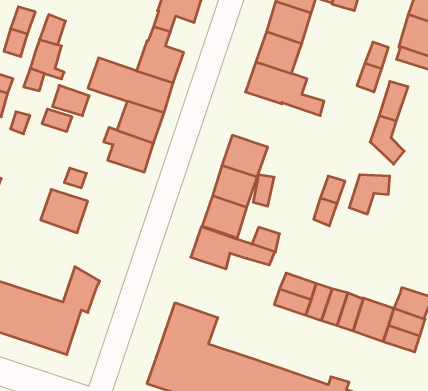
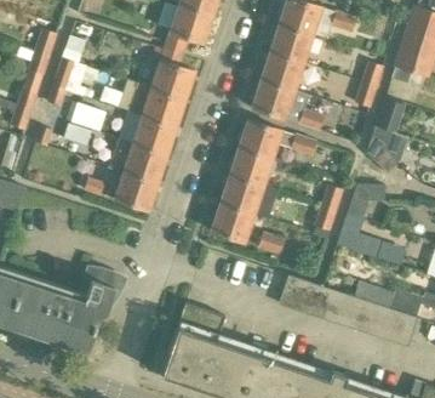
building: [41,189,88,233] -> [115,171,159,211]
building: none -> [337,215,383,260]
building: [191,227,275,269] -> [240,120,317,159]

